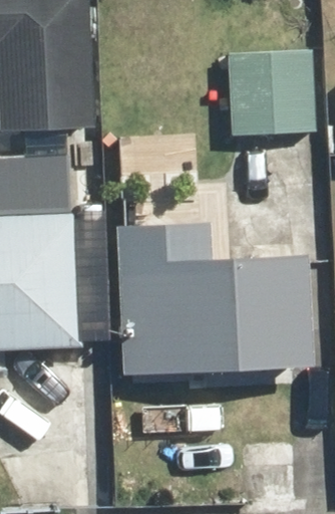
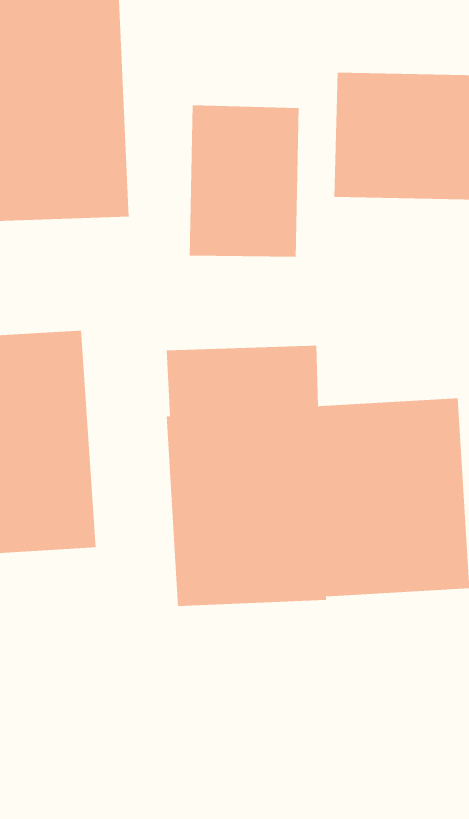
building: none -> [189,105,299,258]

